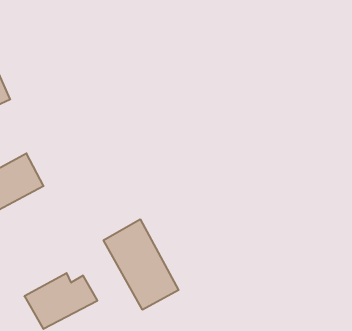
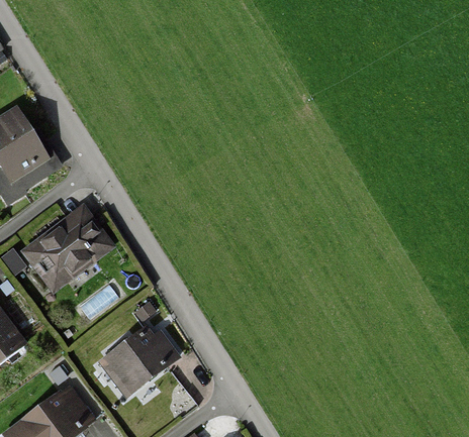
building: [104,219,179,310] -> none

